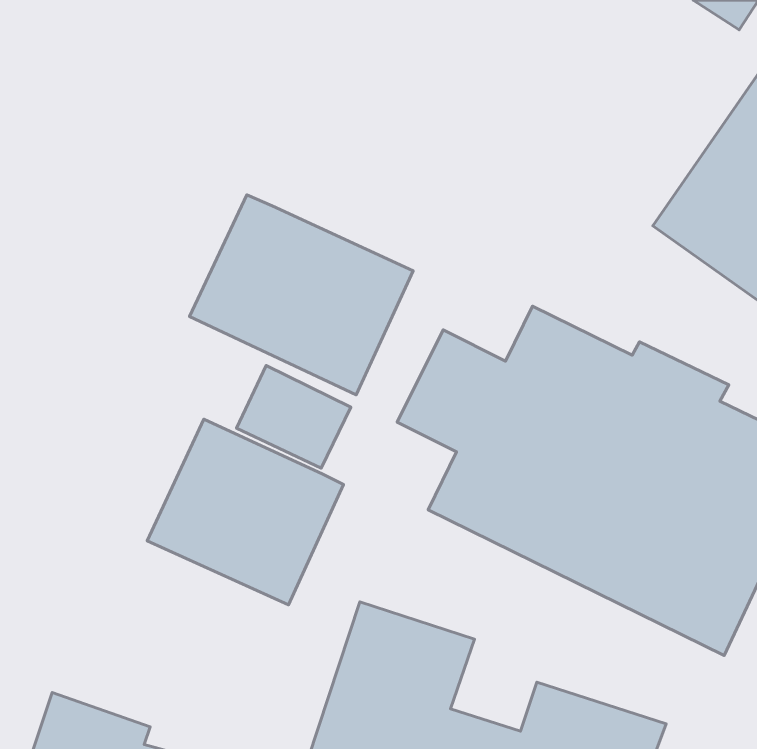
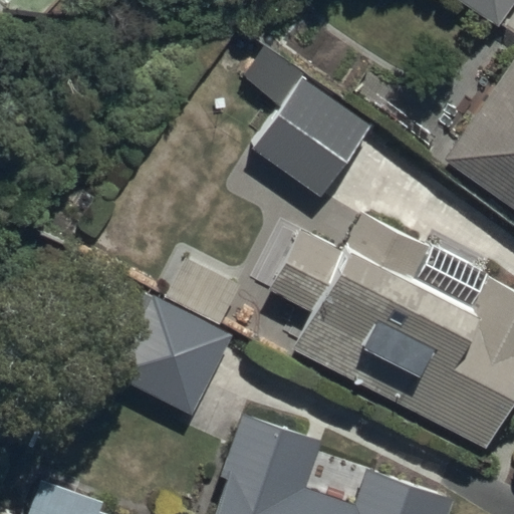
building: none -> [253,77,369,195]
building: [190,195,413,395] -> none

